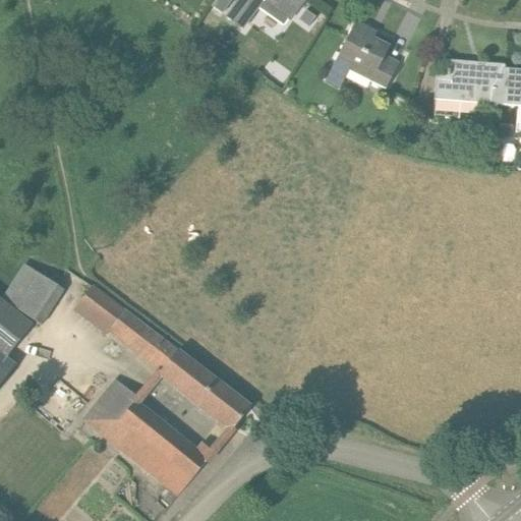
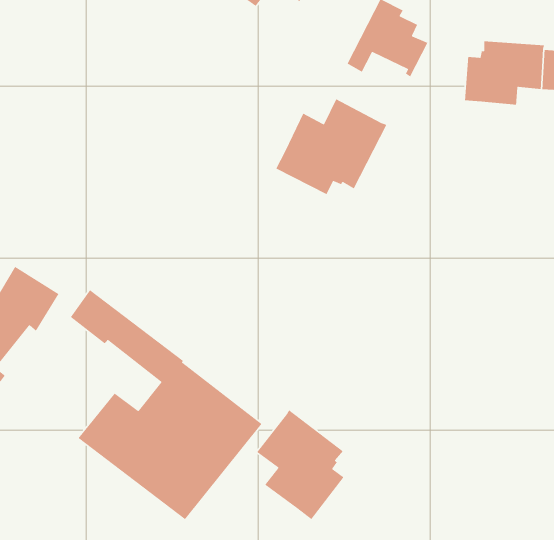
building: none -> [275,98,387,195]
building: none -> [256,409,345,520]

